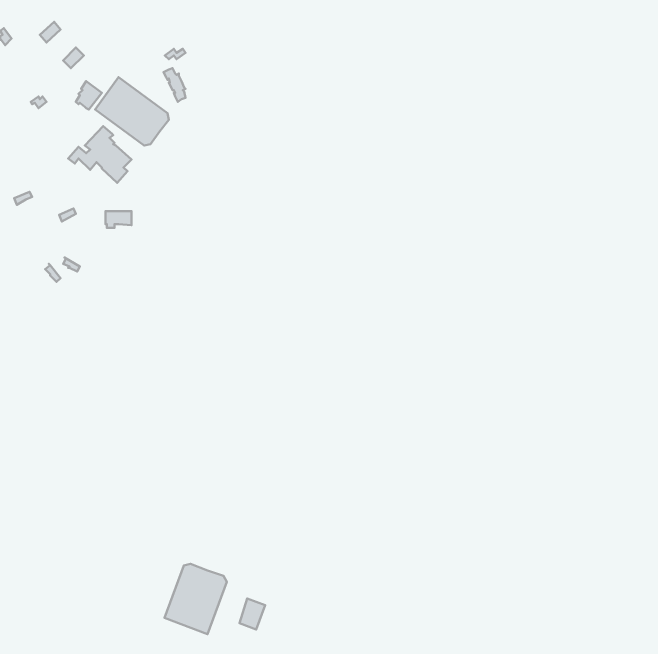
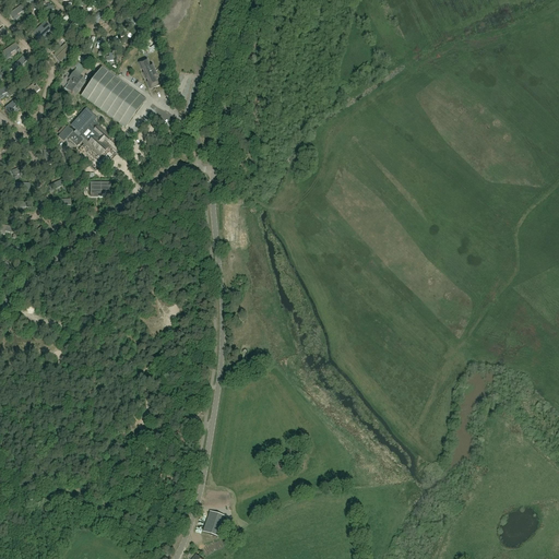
building: [165,564,227,634] -> none

